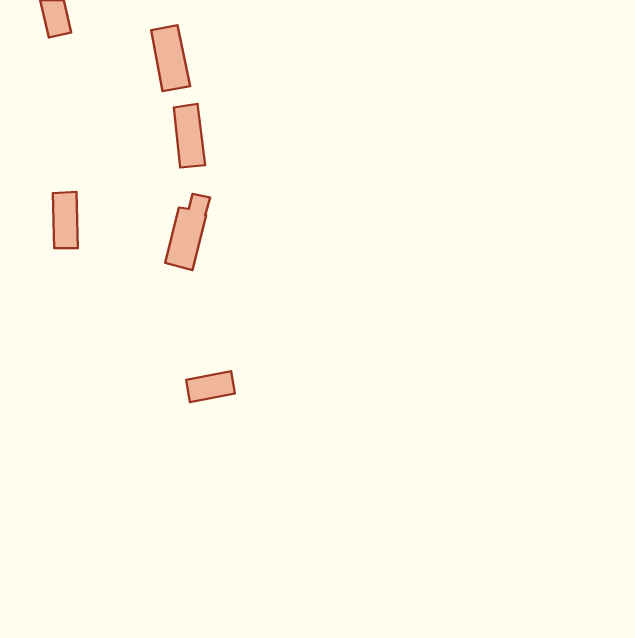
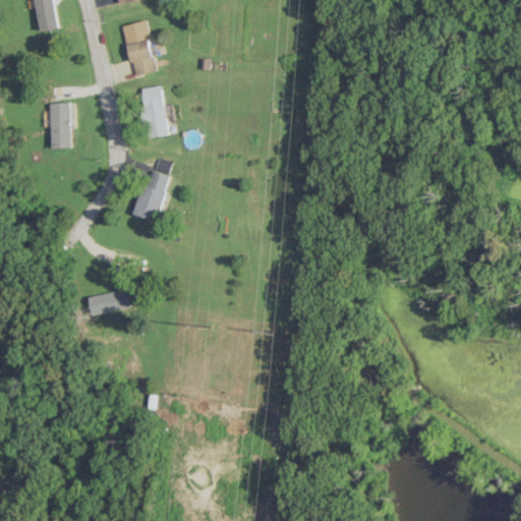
building: [53,192,78,248] -> [50,102,70,148]
building: [186,371,235,402] -> [90,289,129,314]

